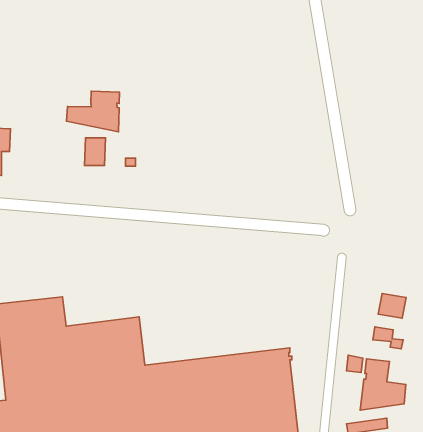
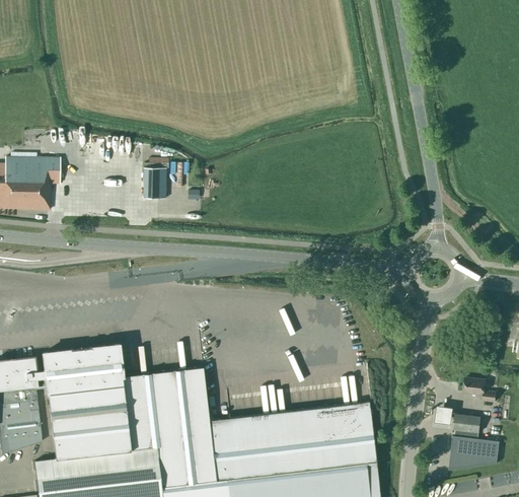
building: [66,91,119,132] -> none
building: [378,294,406,318] -> none

